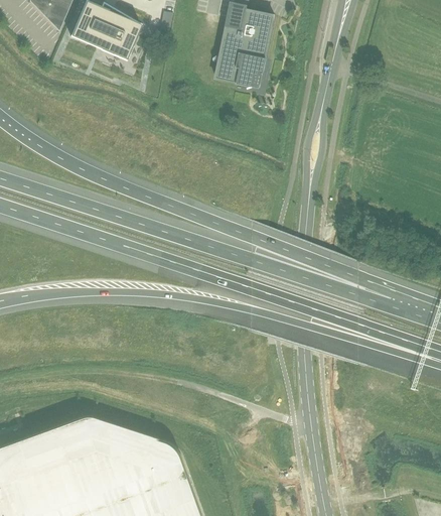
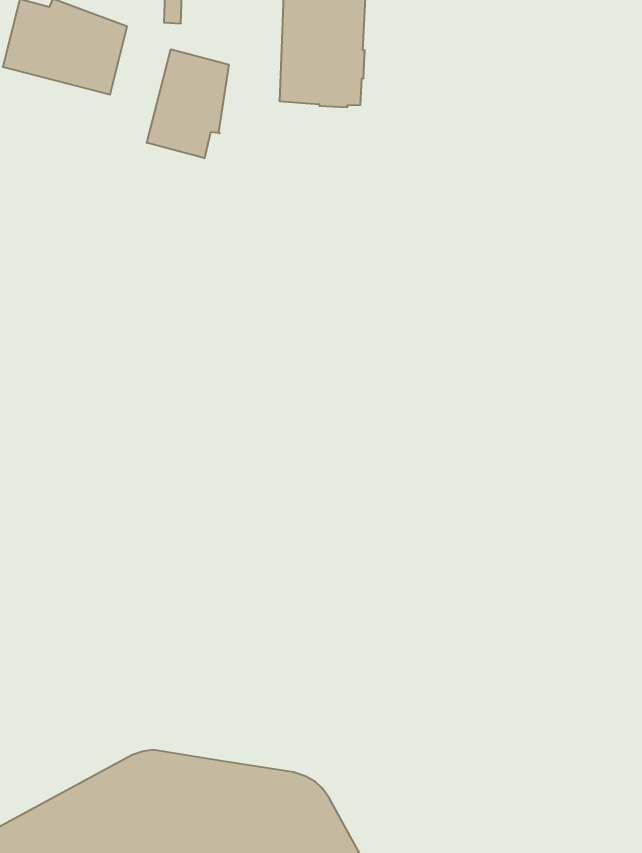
building: none -> [147,49,229,158]

